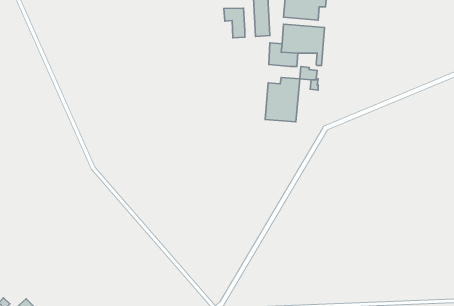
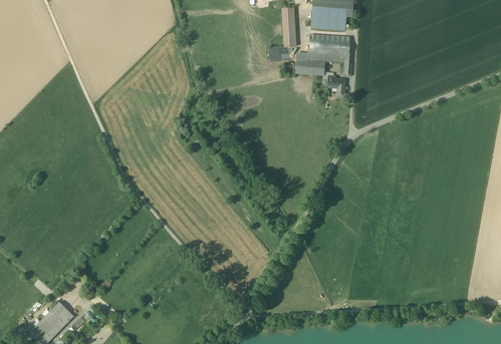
building: [224,8,245,38] -> none
building: [265,77,300,122] -> none

